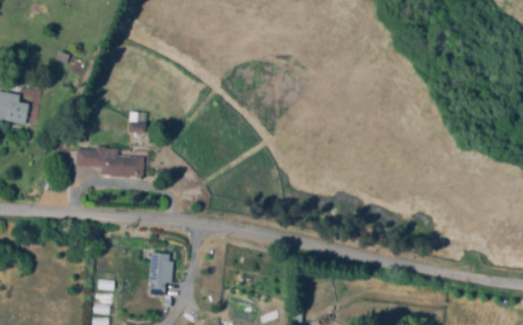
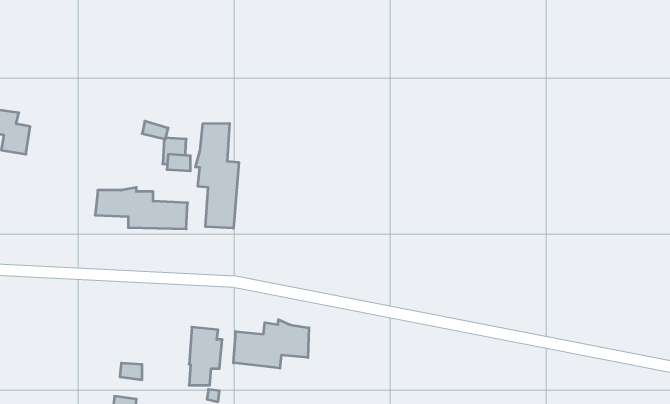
building: none -> [195,123,239,228]
building: none -> [233,320,309,368]

